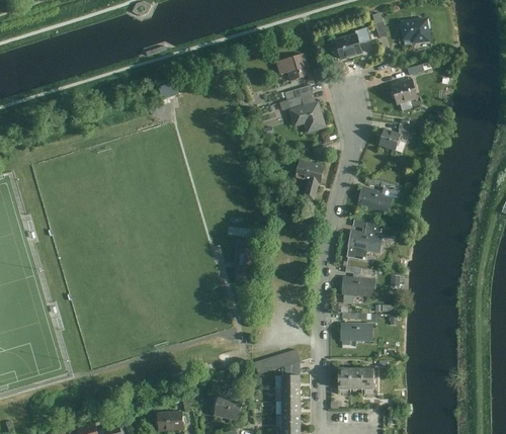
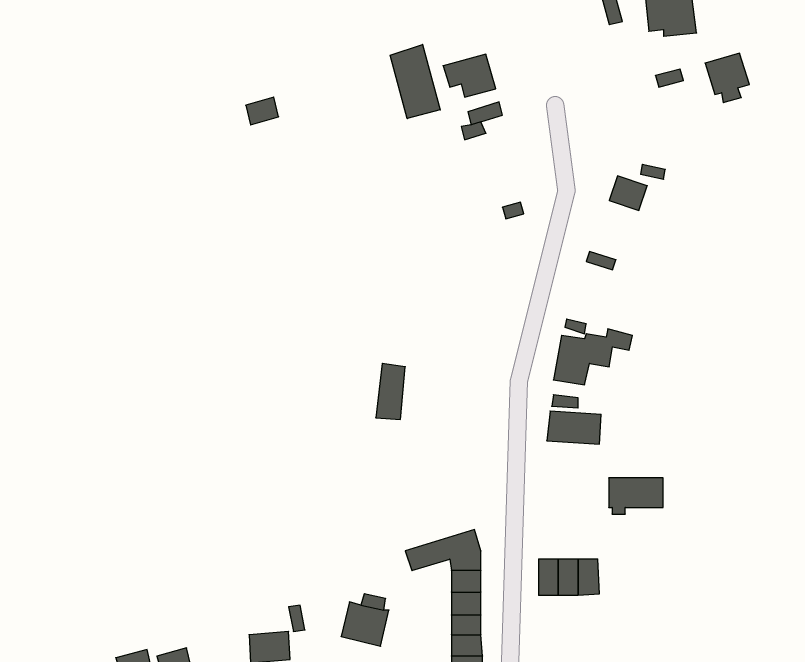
building: [335,28,370,58] -> none
building: none -> [390,44,440,119]
building: [391,81,418,111] -> [705,53,749,103]
building: [289,102,327,135] -> none
building: [294,161,325,202] -> none
building: [356,183,402,213] -> none
building: [338,322,371,344] -> [609,478,663,514]

